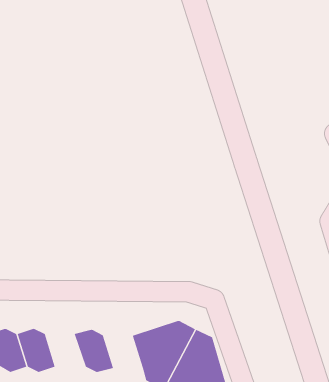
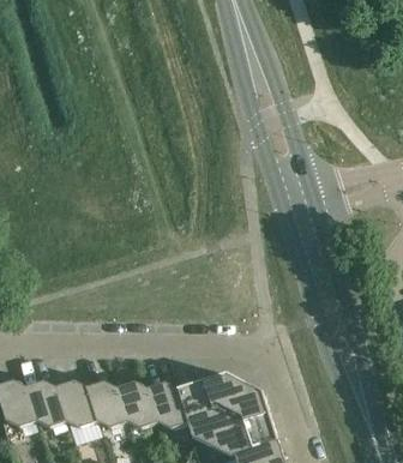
building: none -> [84,381,126,428]
building: none -> [145,383,186,429]

